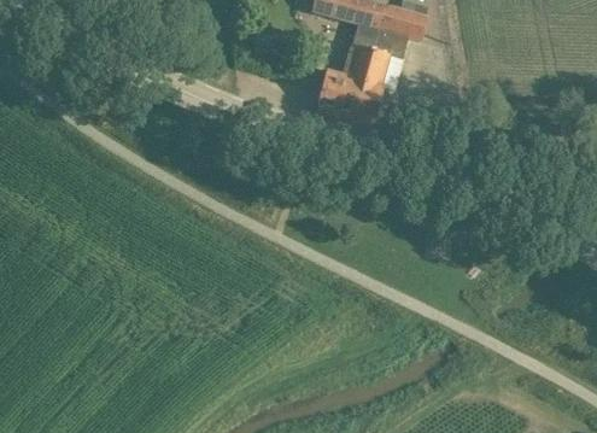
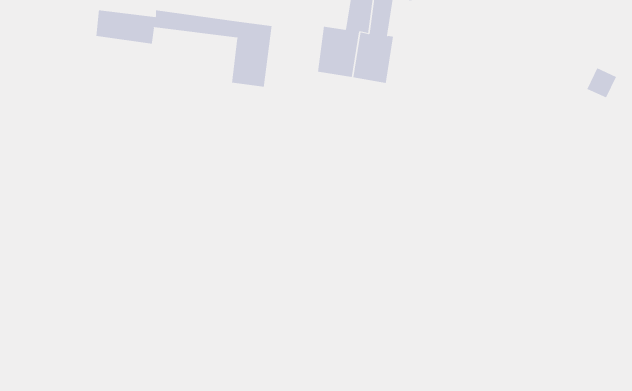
building: none -> [96,9,272,87]

